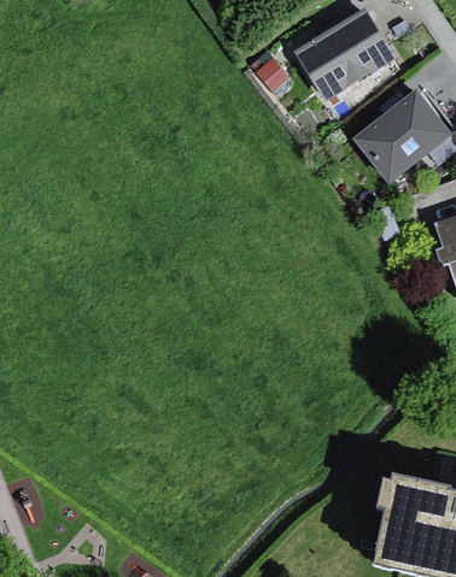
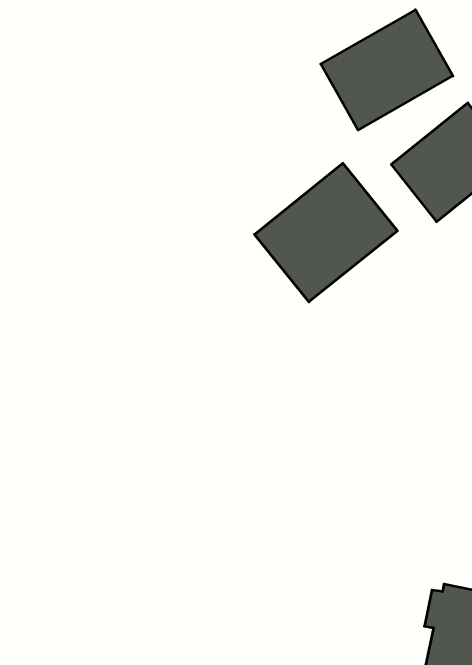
building: none -> [254,163,397,302]

